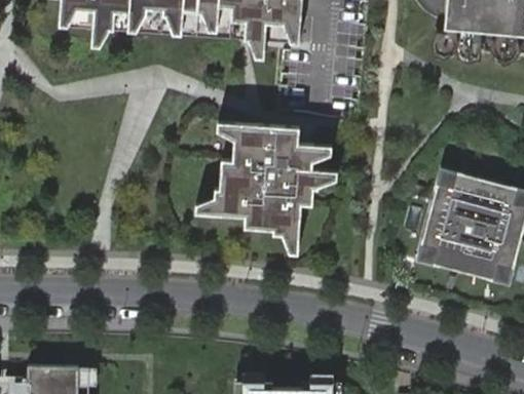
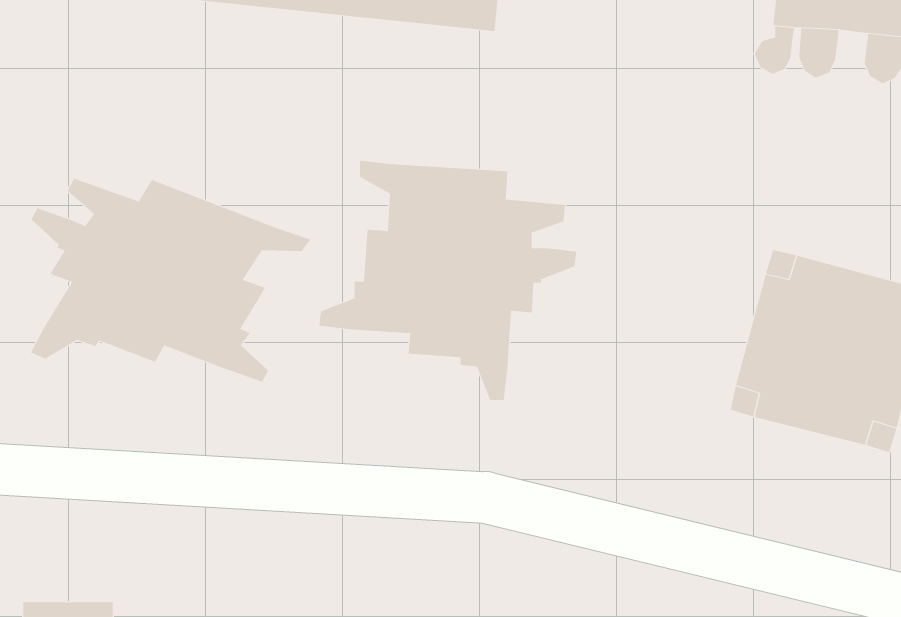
building: none -> [30,178,311,383]

